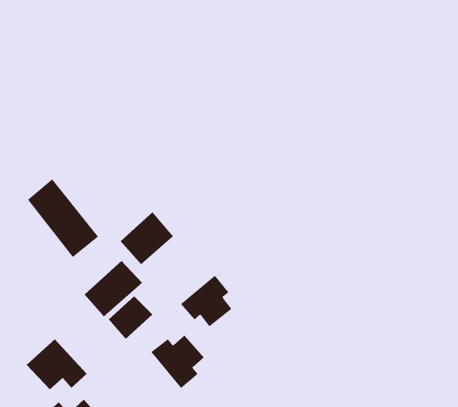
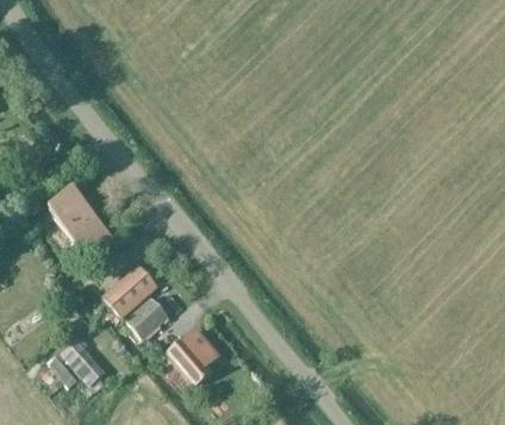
building: [120,211,174,265] -> none
building: [180,275,232,327] -> none

